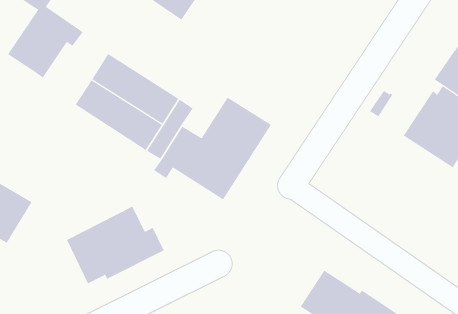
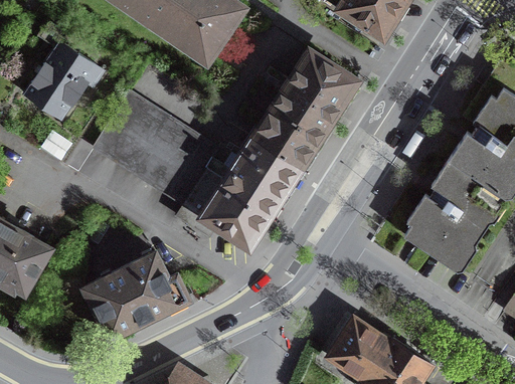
building: none -> [254,51,356,168]
building: none -> [405,179,490,268]

